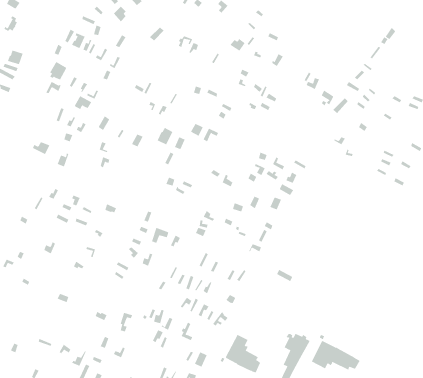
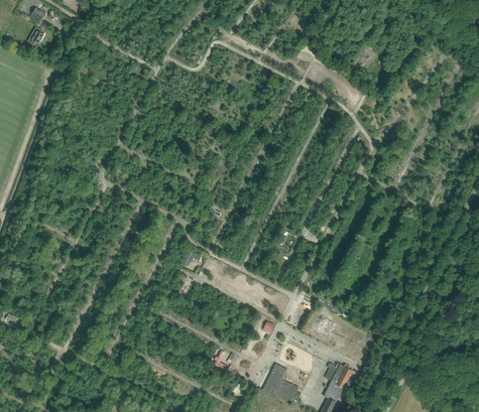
building: [311,334,360,371] -> none

